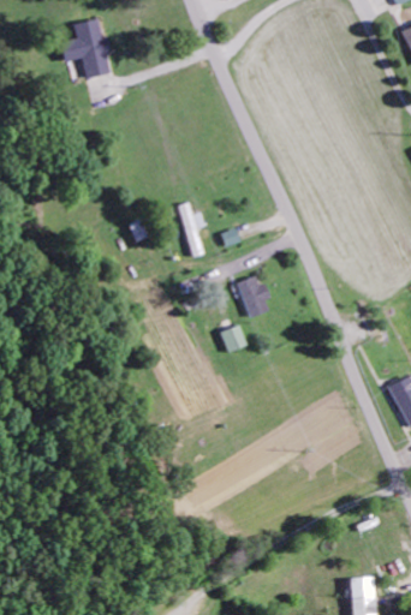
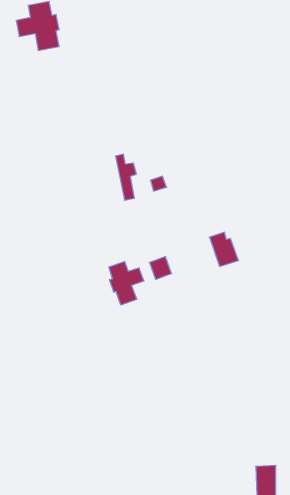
building: [238,276,273,317] -> [209,232,239,266]
building: none -> [109,261,144,305]

